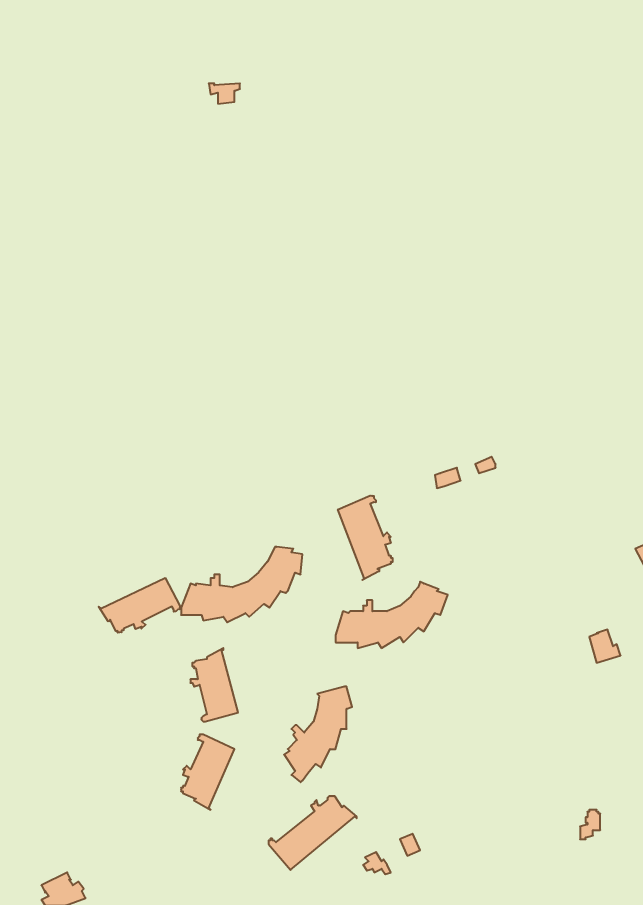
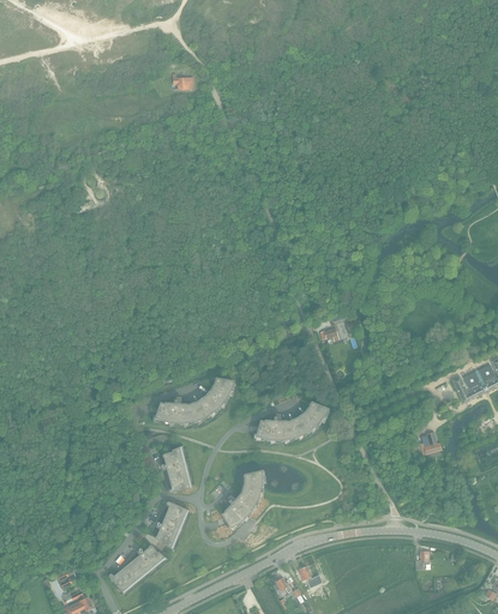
building: [338,496,393,580] -> none
building: [99,578,180,633] -> none
building: [269,796,357,870] -> [108,544,166,592]

